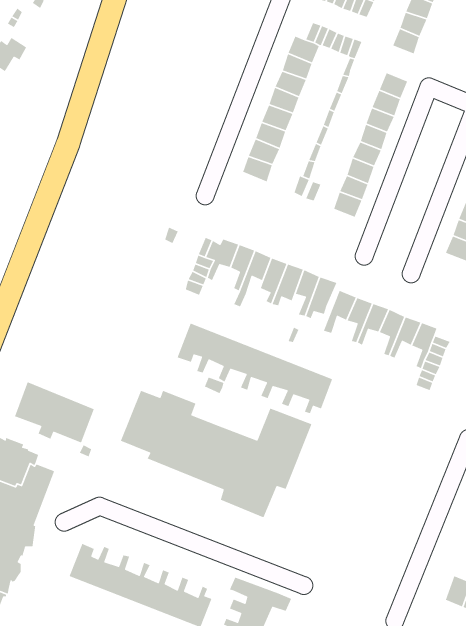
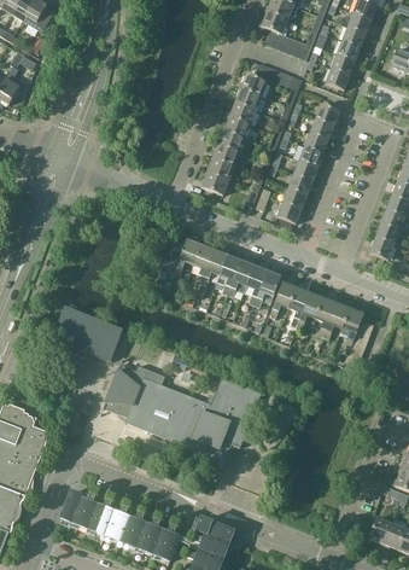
building: [177,323,333,414] -> none
building: [13,381,95,444] -> [54,308,122,360]

